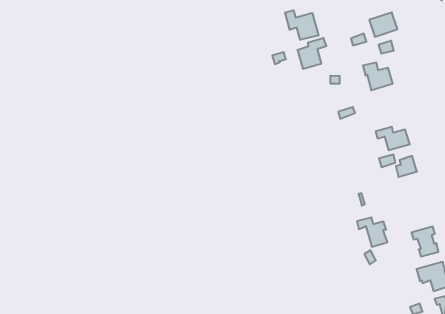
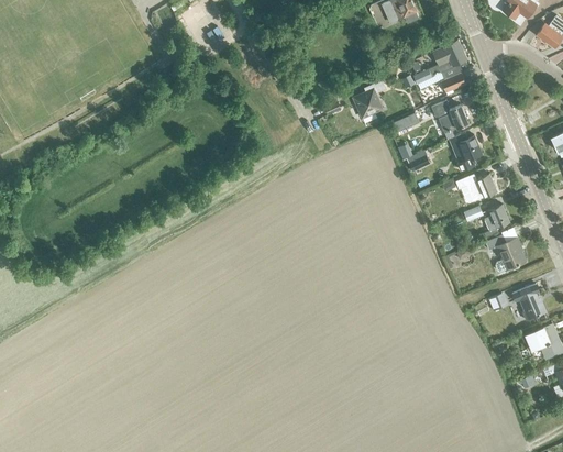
building: [285,10,319,40] -> none
building: none -> [449,131,481,170]
building: [357,217,387,247] -> [485,234,523,268]

